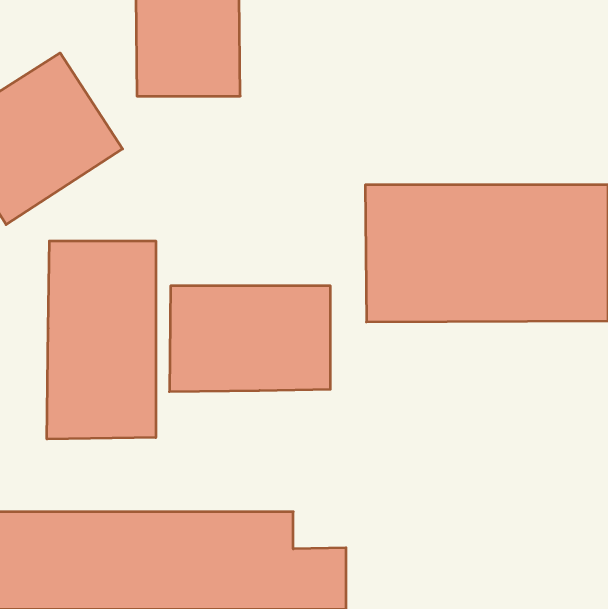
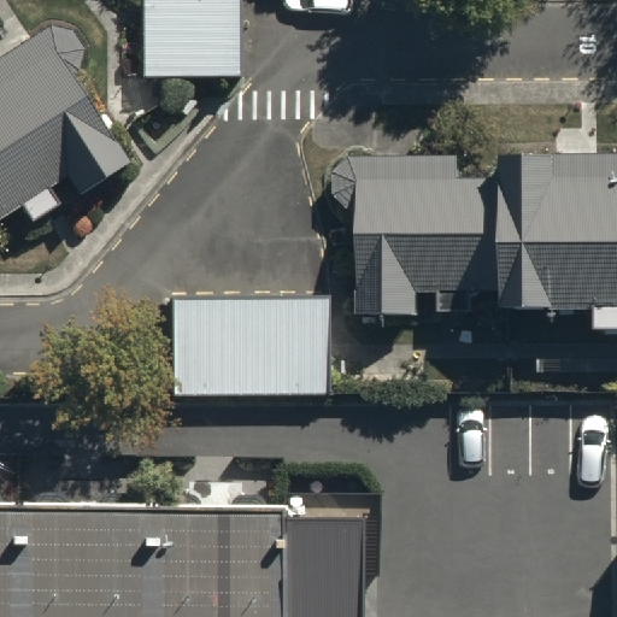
building: [47,241,156,439] -> none

